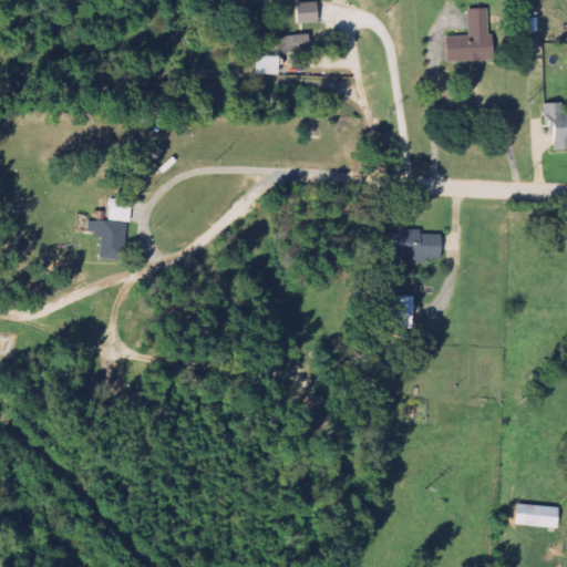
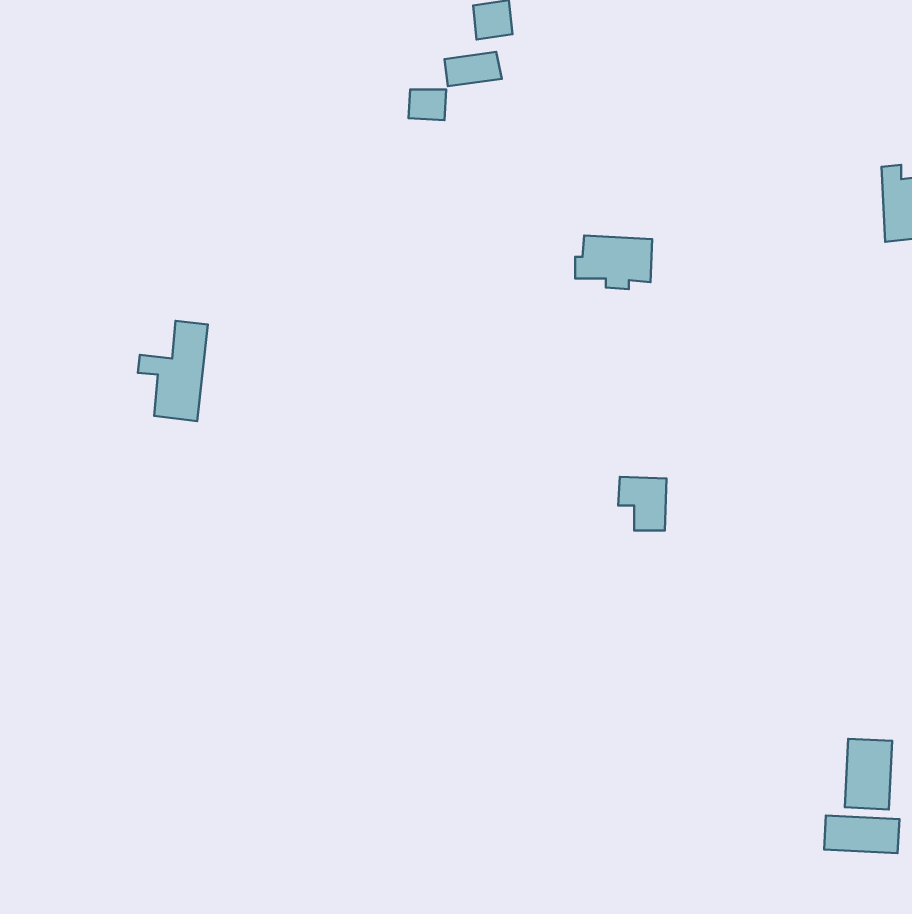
building: [445,8,491,63] -> none
building: [393,230,441,264] -> [575,235,652,289]
building: none -> [845,739,892,809]

